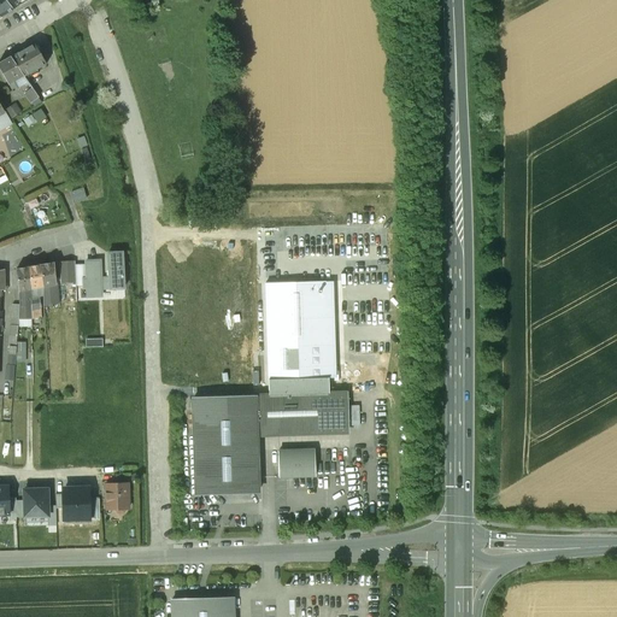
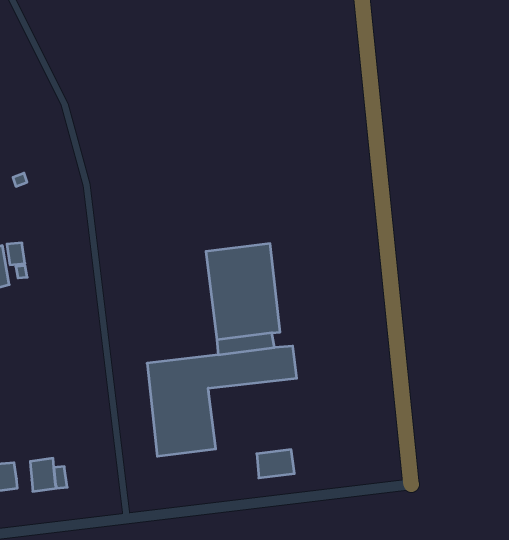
building: [83,252,123,296] -> none
building: [278,449,316,476] -> [257,450,294,478]
building: [106,482,128,511] -> none

